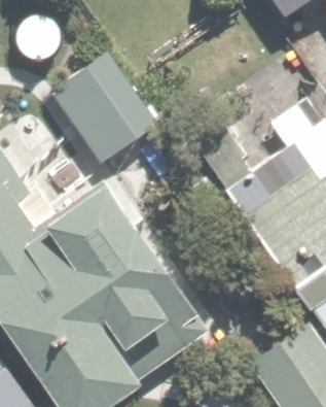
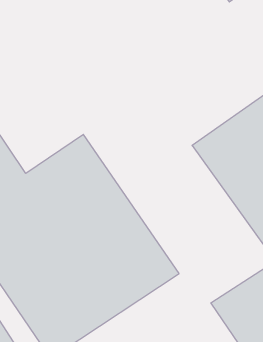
building: [38,44,152,160] -> none

